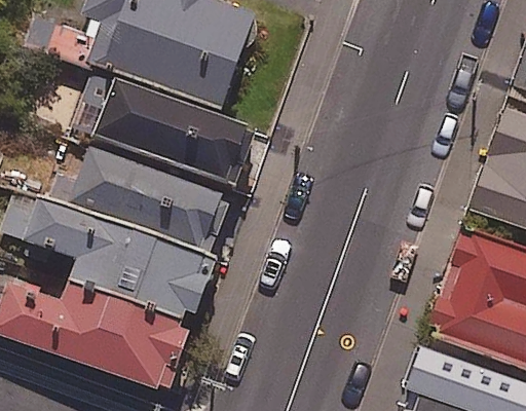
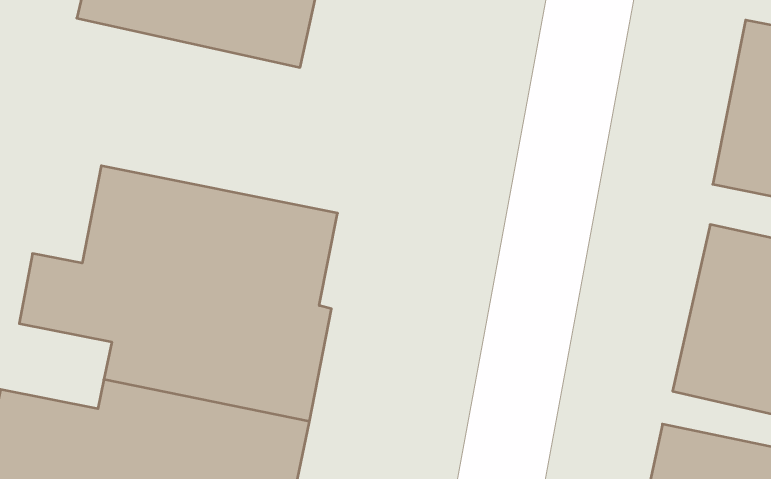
building: [98,77,258,183] -> none

